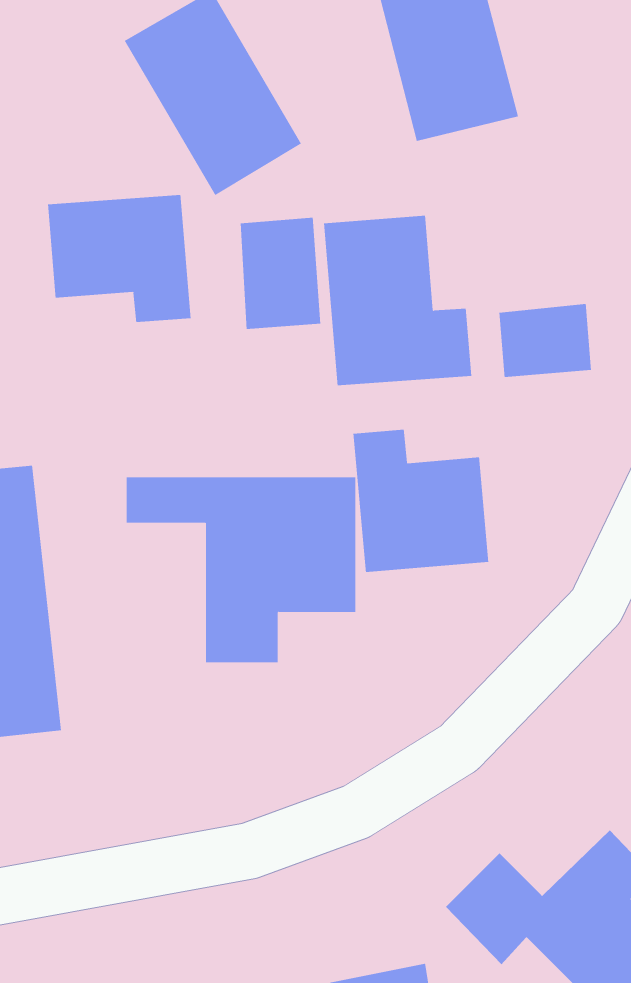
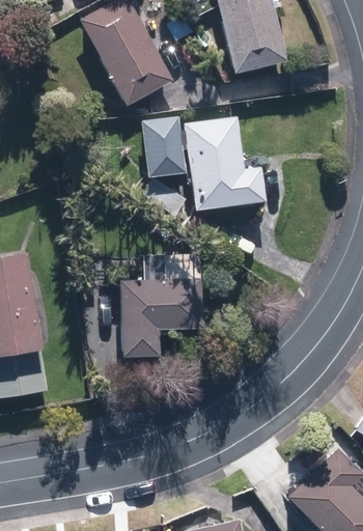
building: [48,194,191,323] -> none
building: [499,303,591,378] -> none
building: [353,429,489,573] -> none

